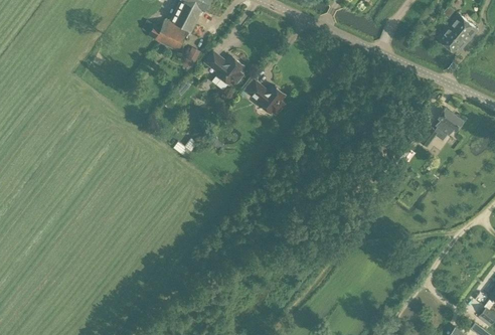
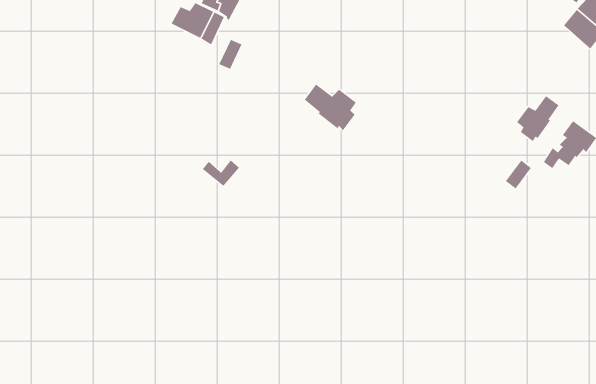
building: [203,49,243,86] -> none
building: none -> [516,95,559,142]

